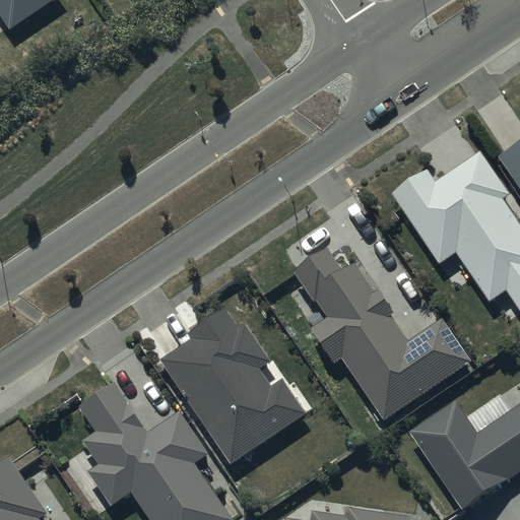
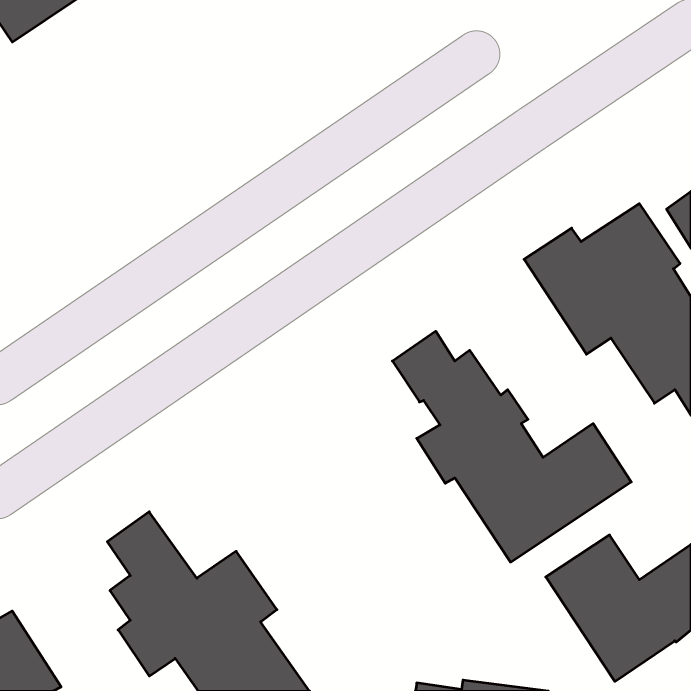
building: [160,309,309,463] -> none

